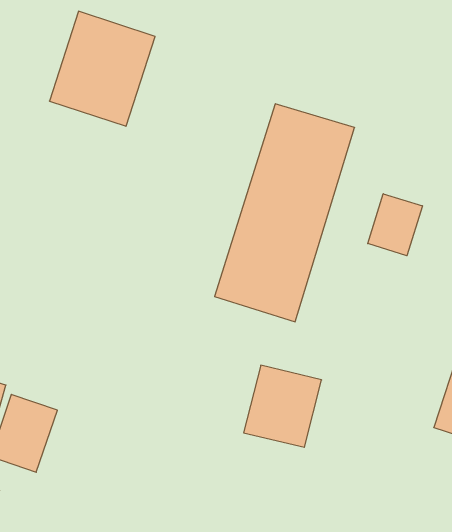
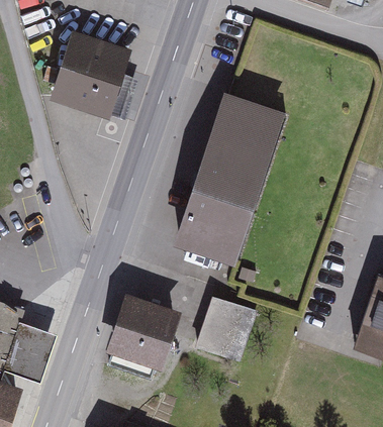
building: [368,194,422,256] -> none
building: none -> [103,299,179,378]

